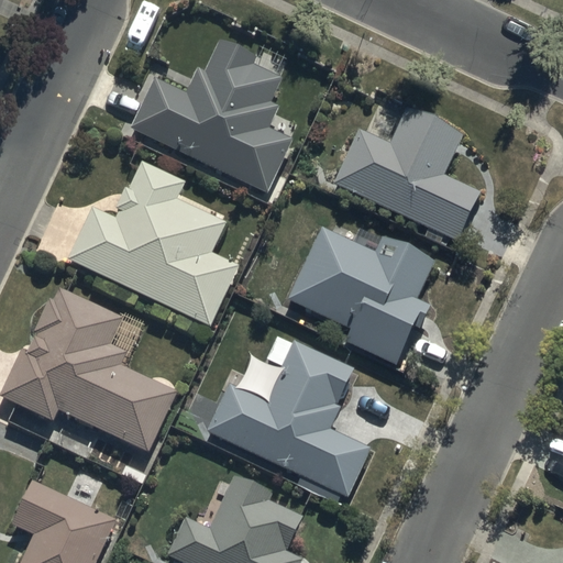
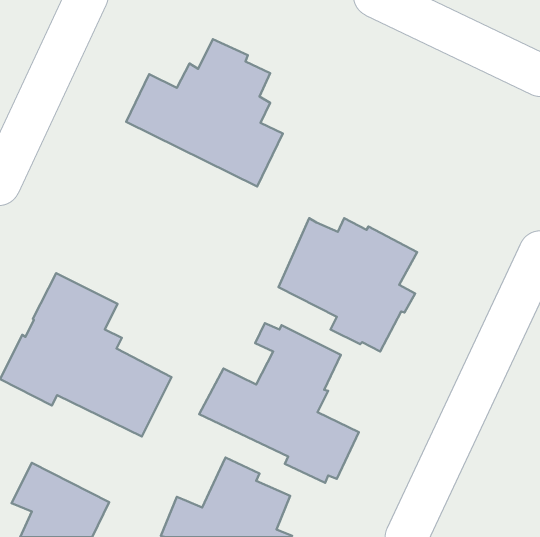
building: [333,106,481,245] -> none
building: [68,159,240,325] -> none

